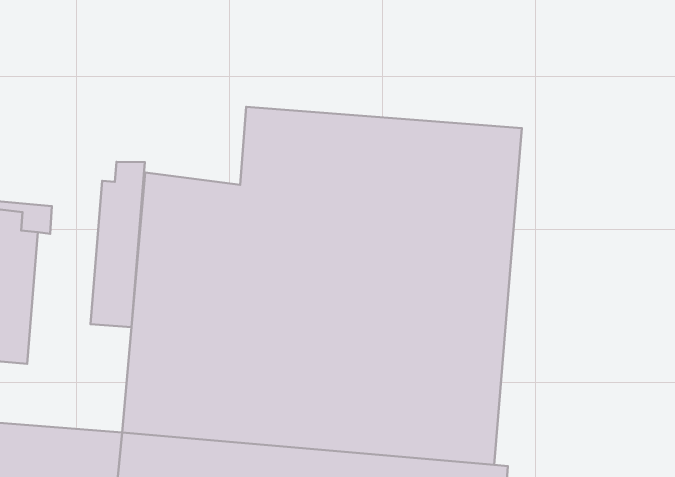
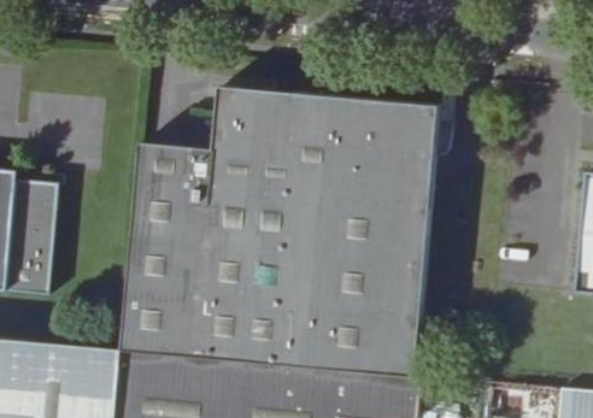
building: [90,162,145,327] -> none

